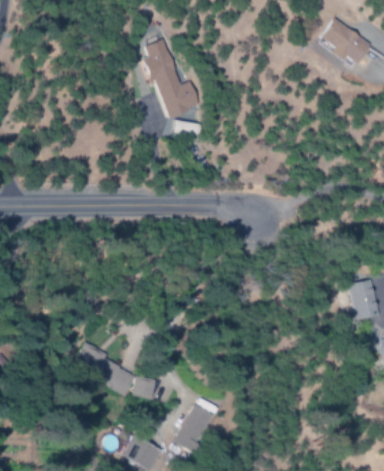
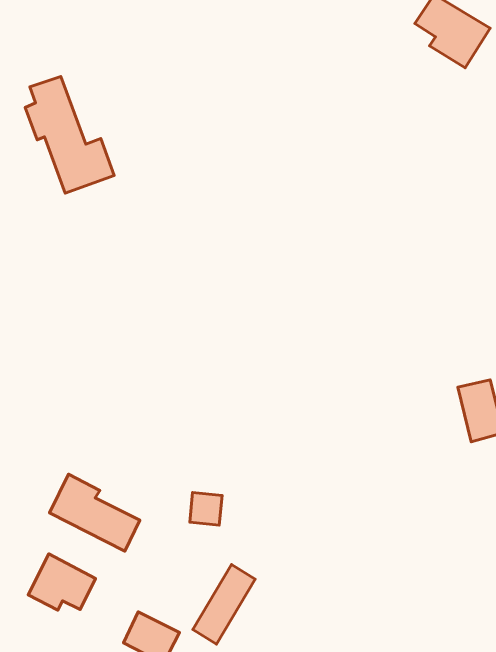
building: [142,38,202,117] -> [25,76,114,193]
building: [133,376,155,398] -> [190,493,222,525]
building: none -> [28,554,95,610]

